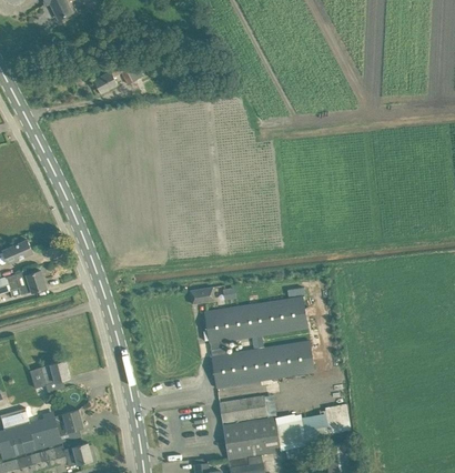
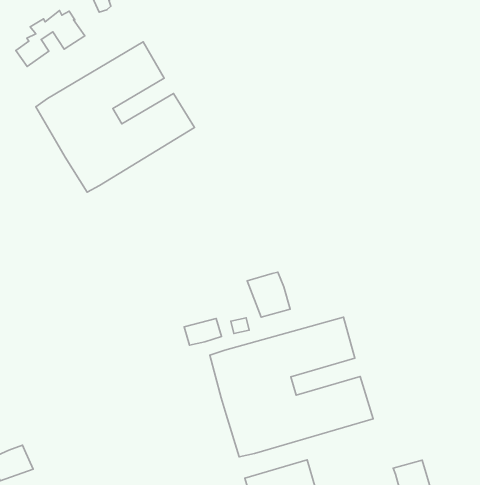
building: none -> [36,42,194,192]
building: none -> [247,272,290,317]

